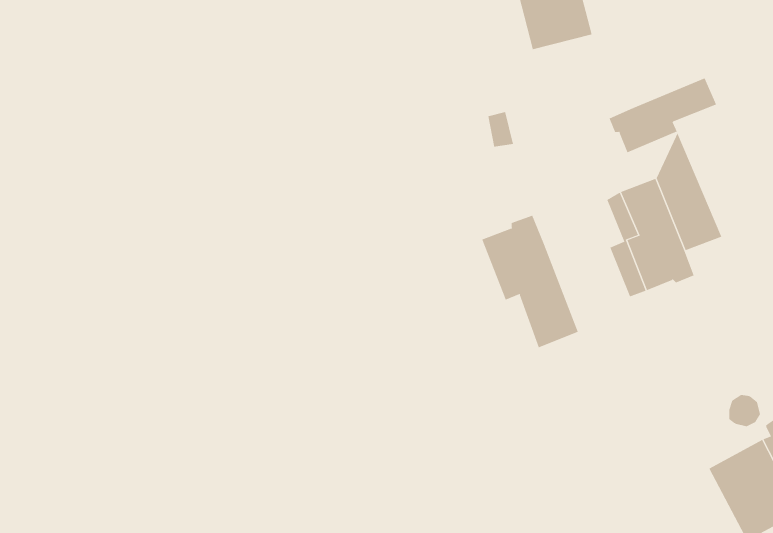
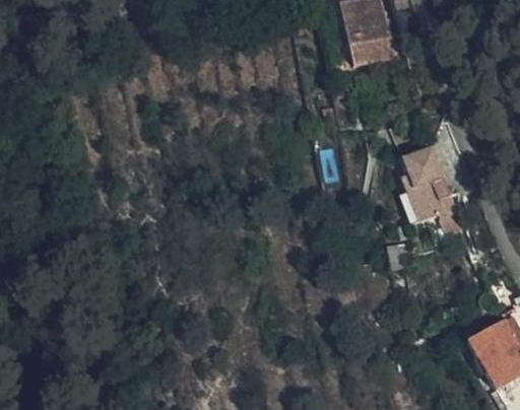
building: [609,77,717,153] -> none
building: [481,215,578,348] -> none

